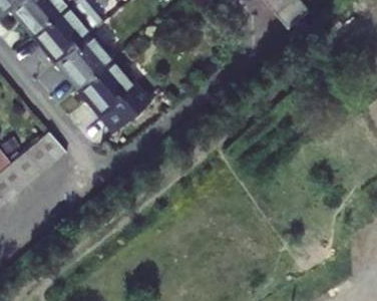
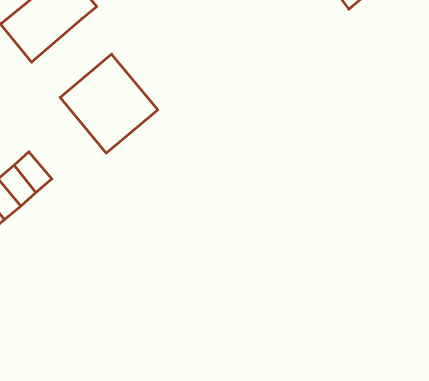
building: [52,30,111,88] -> none

